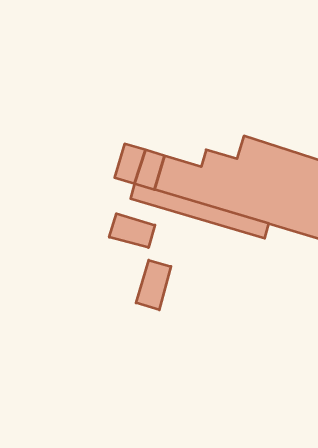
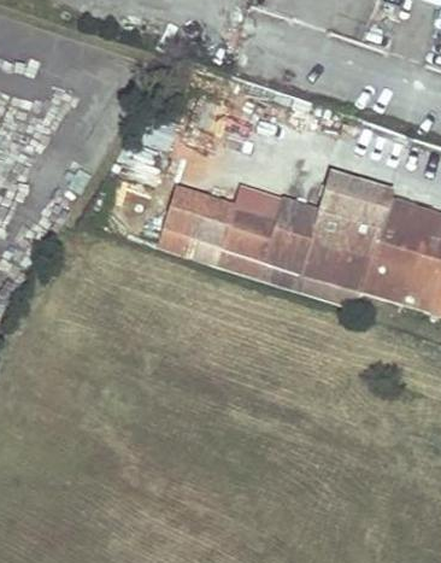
building: [109,214,155,248] -> none
building: [136,260,171,310] -> none

